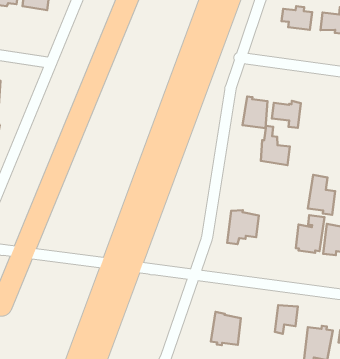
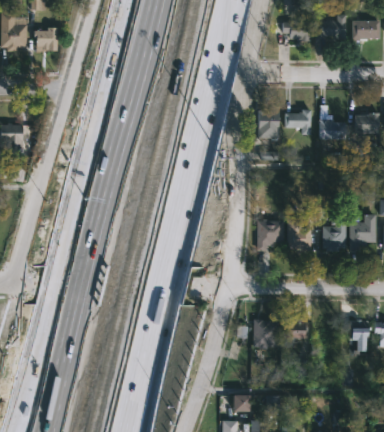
building: [261,126,290,165] -> [319,105,346,140]
building: [308,175,335,215] -> [287,216,311,252]
building: [275,305,298,334] -> [287,320,306,348]

